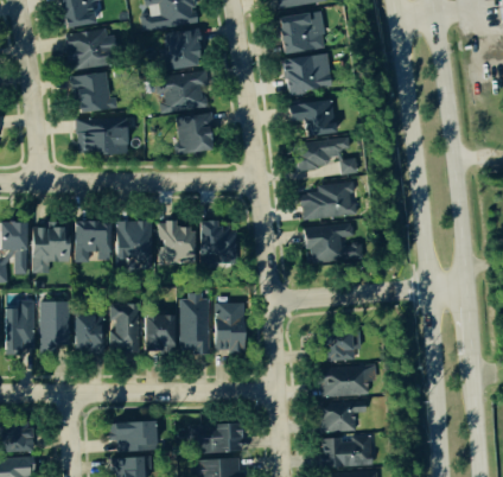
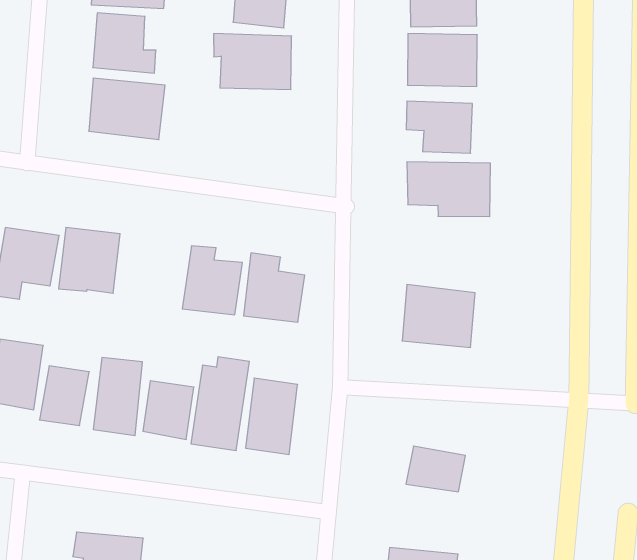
building: [174,113,215,153] -> none
building: [301,180,358,218] -> none
building: [116,221,154,271] -> none
building: [321,365,377,396] -> none

